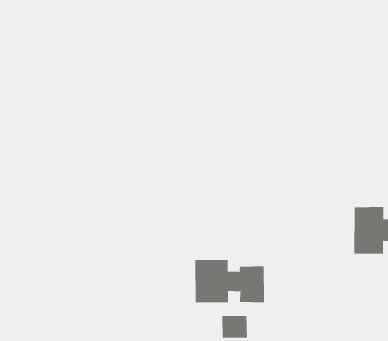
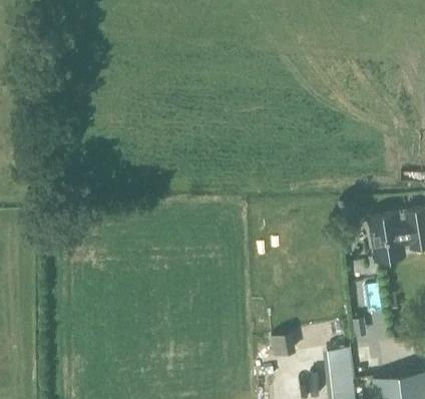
building: [195,259,264,303] -> none

